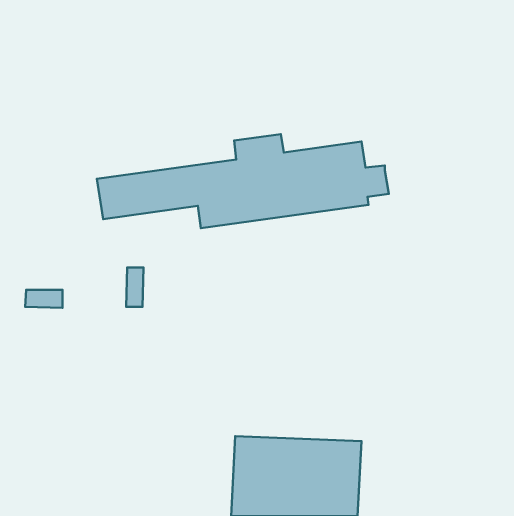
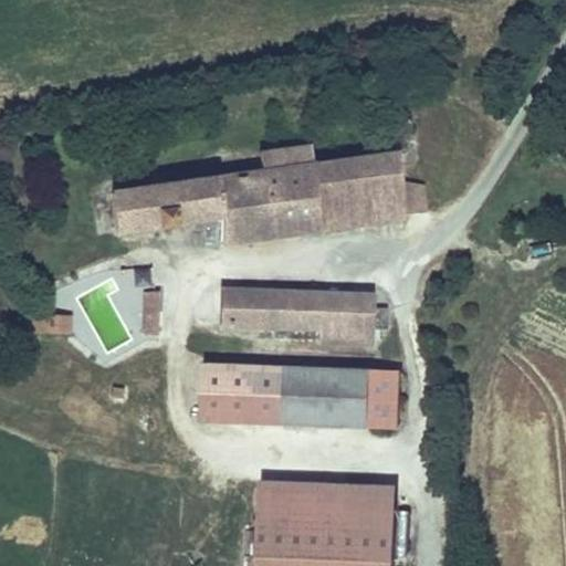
building: none -> [217,285,386,345]
building: none -> [198,359,399,428]

